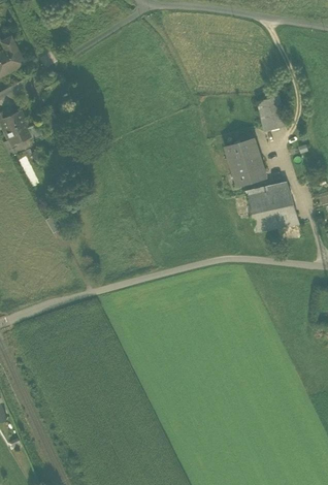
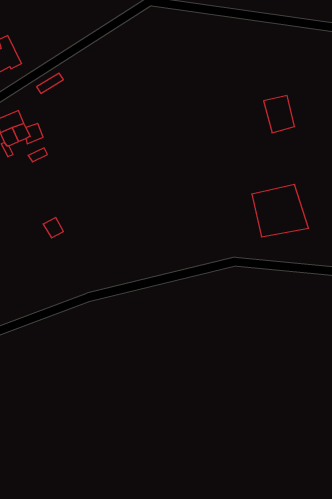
building: [225,139,265,186] -> none

